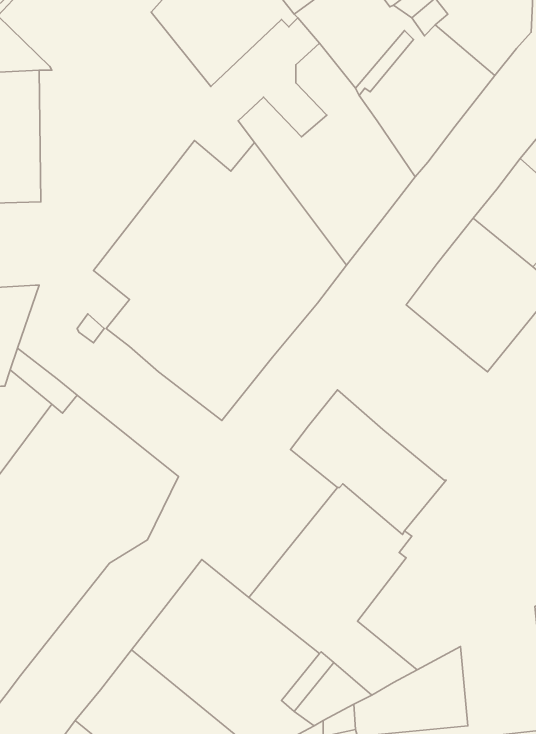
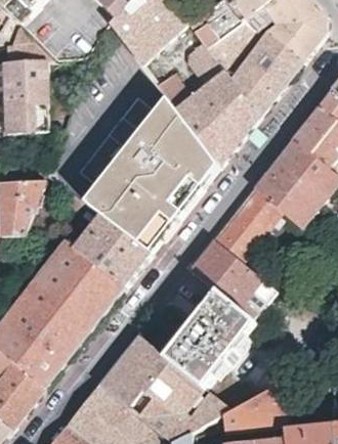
building: none -> [215,190,291,261]
building: none -> [73,214,150,287]

